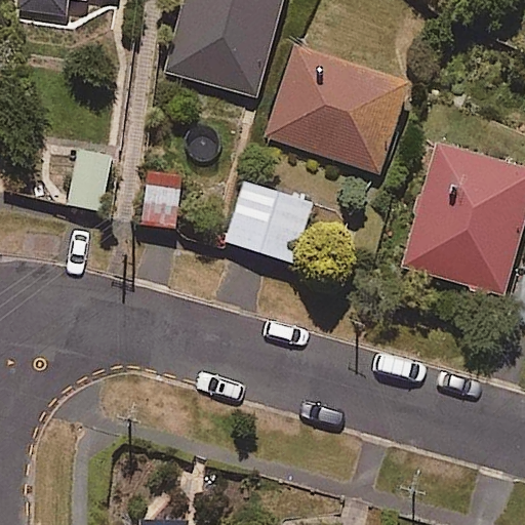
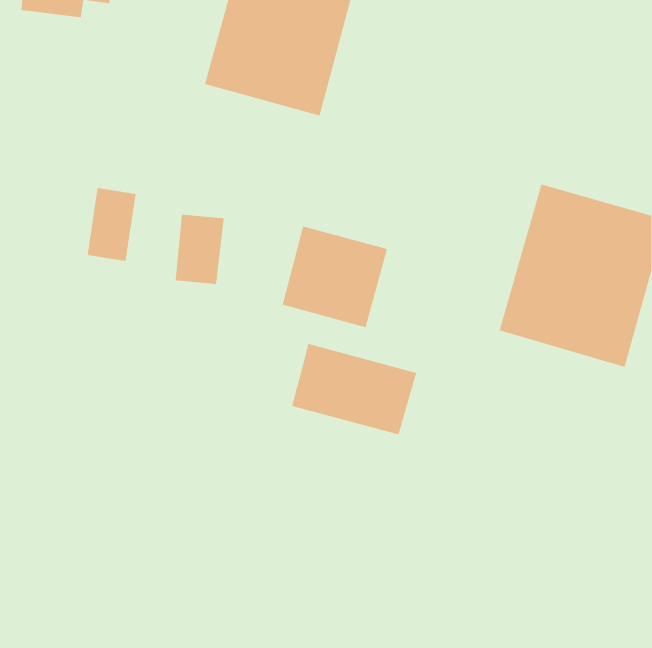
building: [266,46,409,174] -> none
building: none -> [292,343,417,435]

